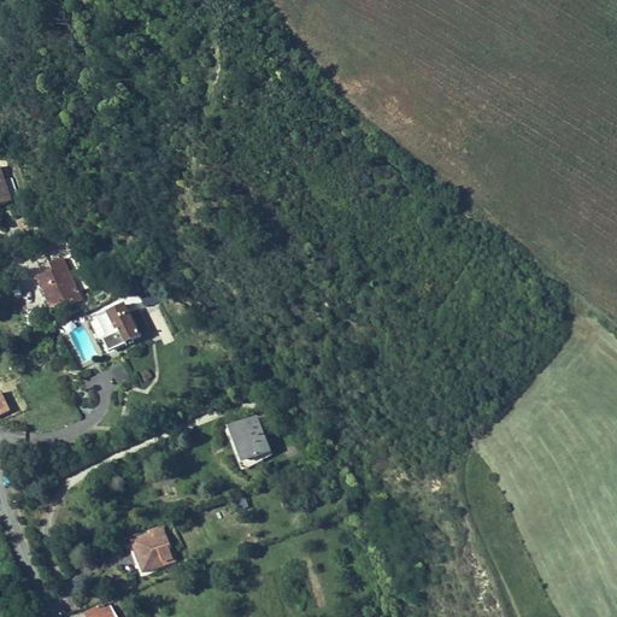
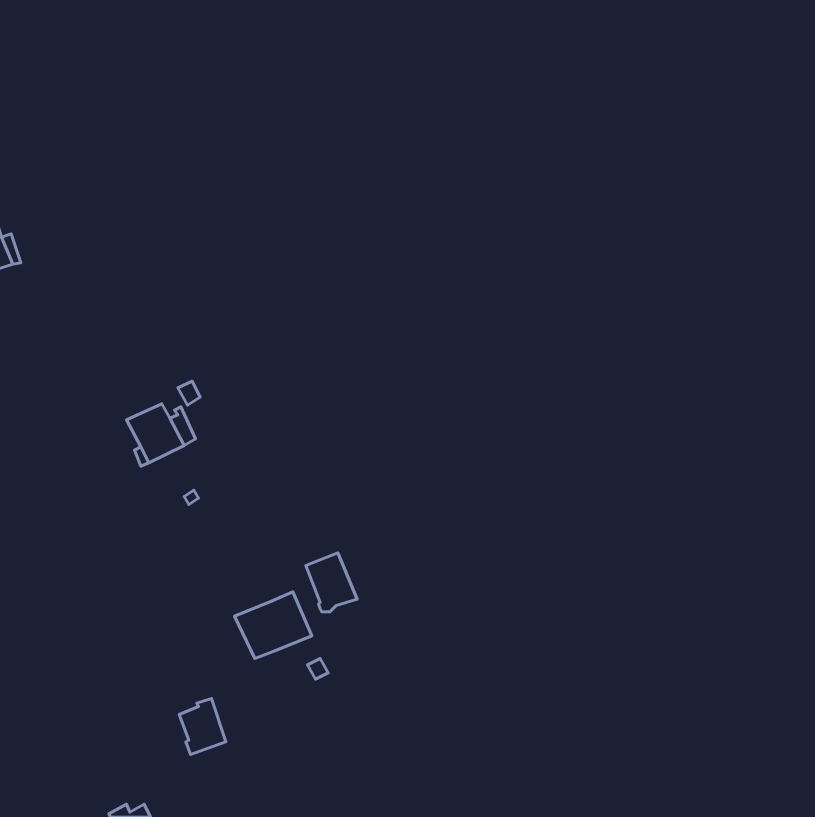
building: [37,257,80,306] -> none
building: none -> [234,592,312,659]

